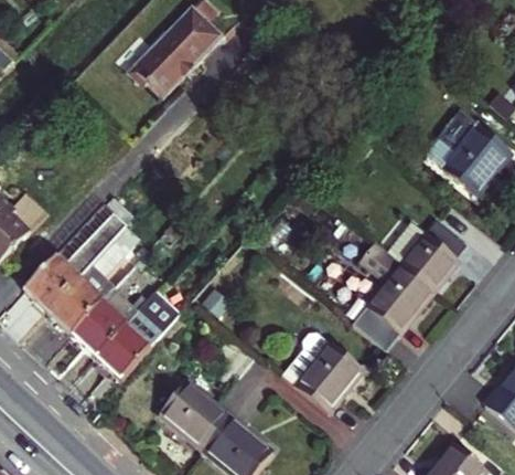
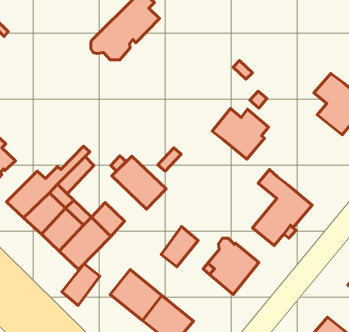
building: [386,222,463,292] -> [212,108,269,159]
building: none -> [112,156,166,209]
building: none -> [161,226,198,267]
building: none -> [62,264,100,305]

